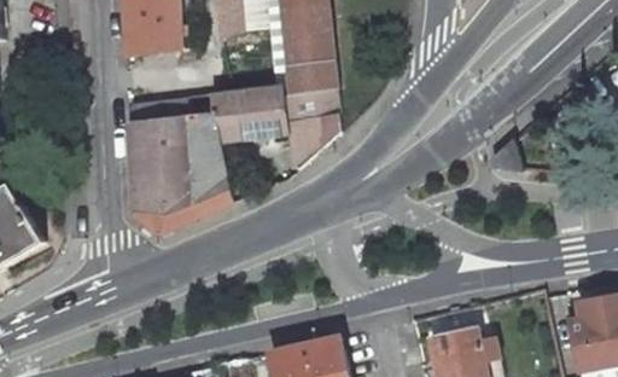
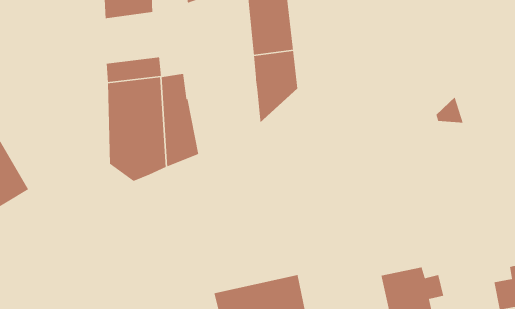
building: [211,85,288,141] -> none

